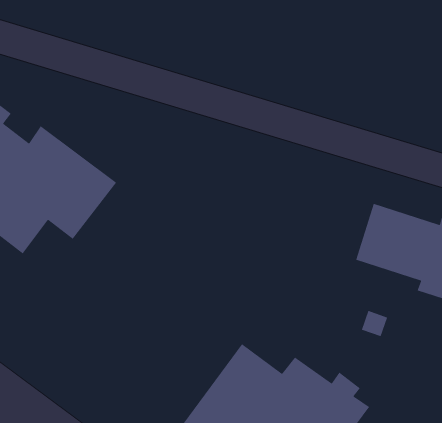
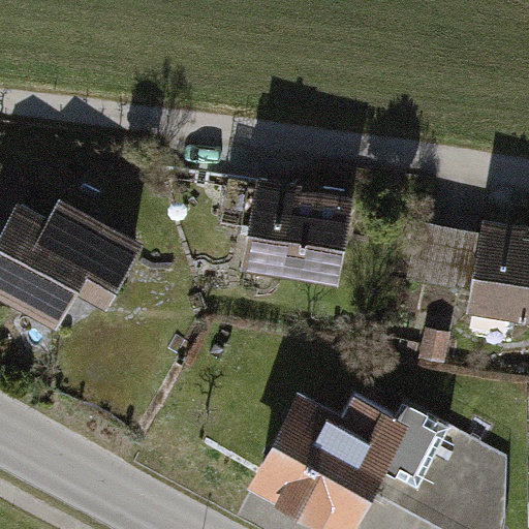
building: none -> [242,178,355,288]

